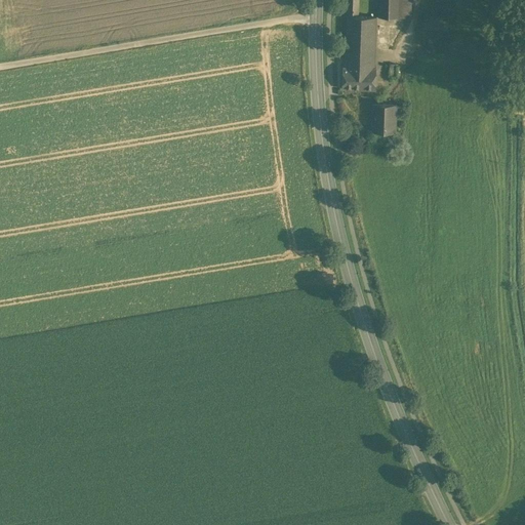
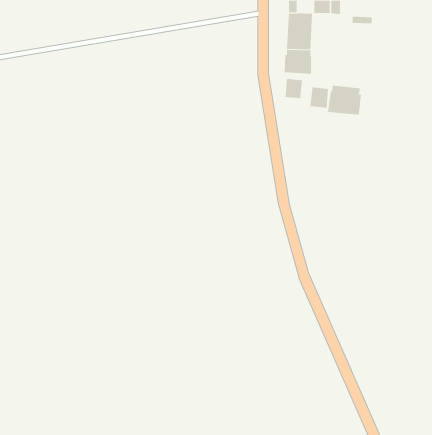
building: none -> [283,78,302,99]
building: none -> [327,85,361,115]

